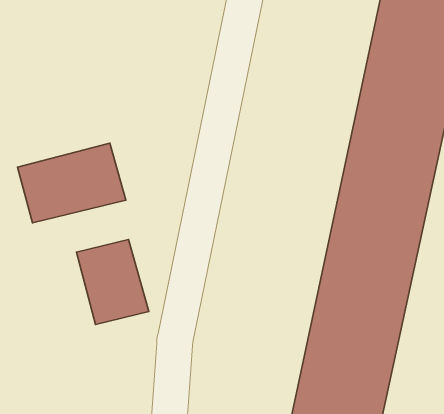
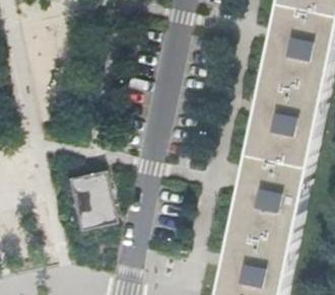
building: [17,143,126,223] -> none

